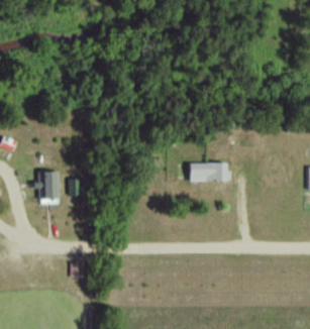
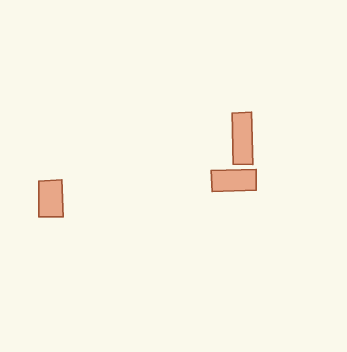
building: none -> [232,112,253,165]

